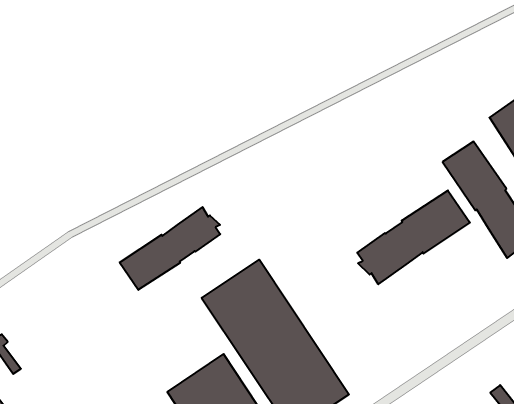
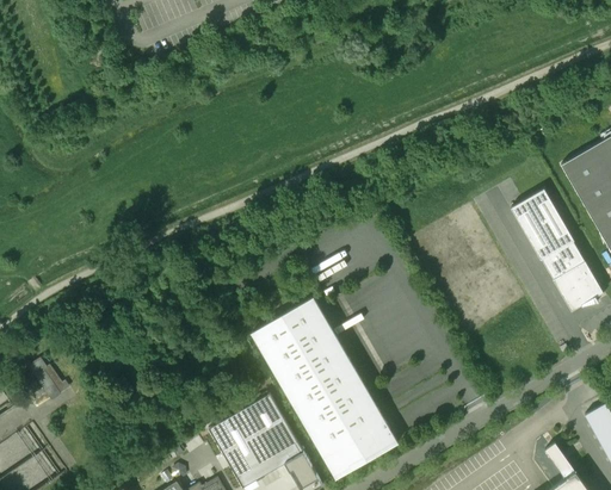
building: [357,190,470,284] -> none
building: [120,207,220,290] -> none

